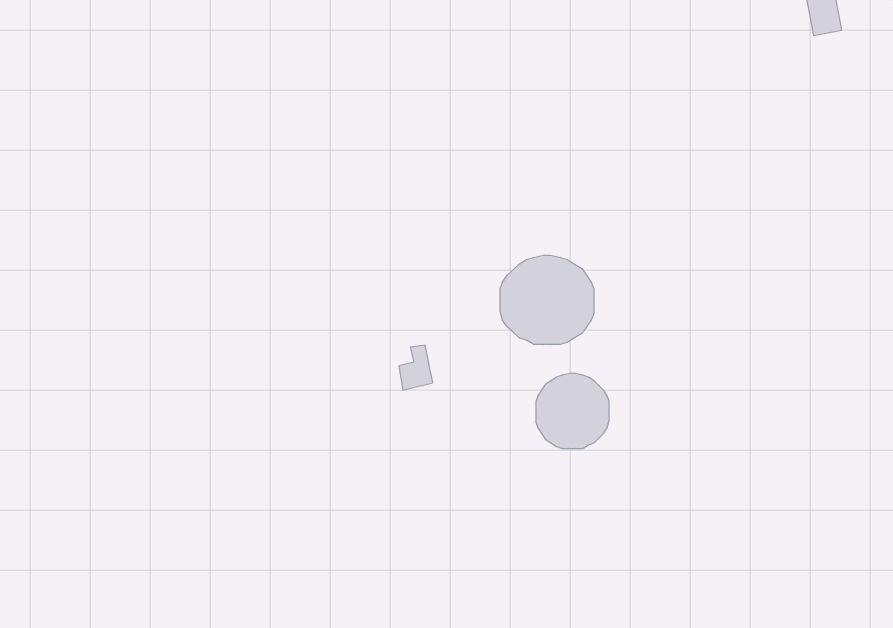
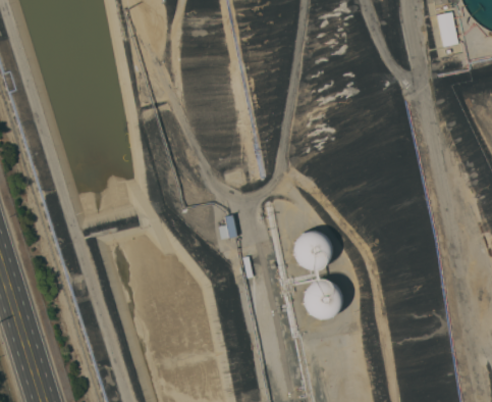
building: [500,255,594,345] -> none
building: none -> [304,279,342,317]

